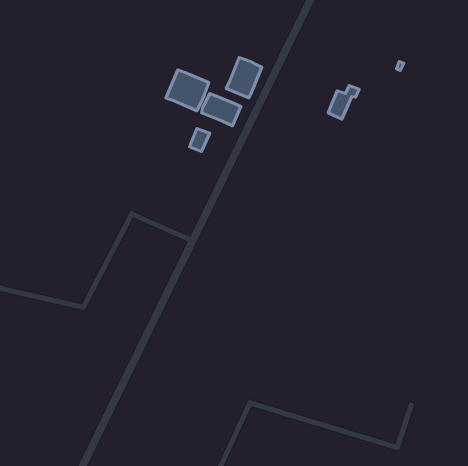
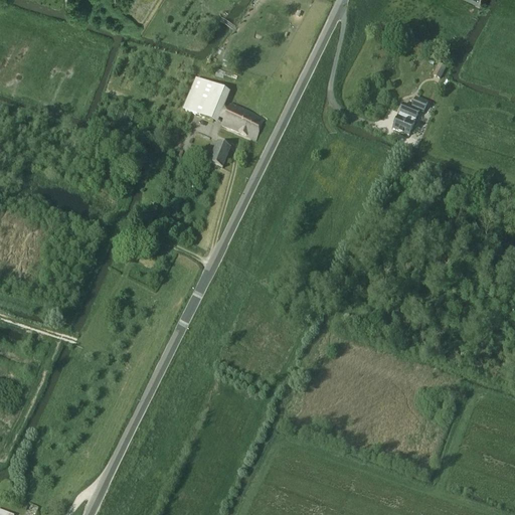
building: [226,58,262,98] -> none
building: [328,85,359,119] -> [393,97,427,134]

